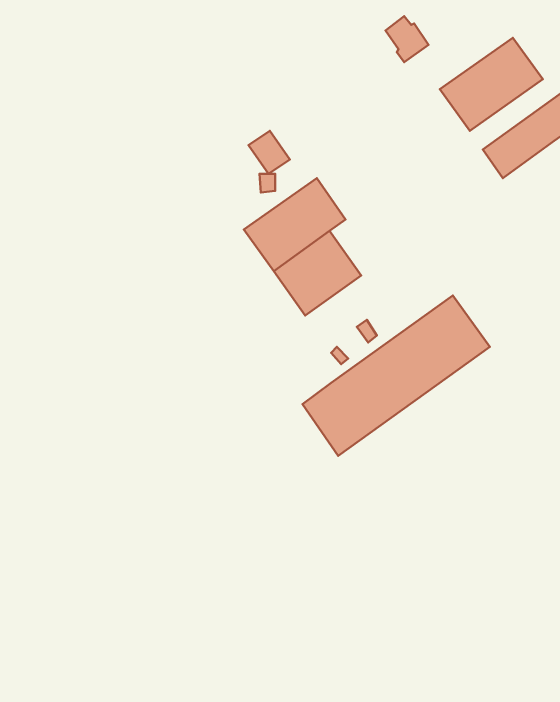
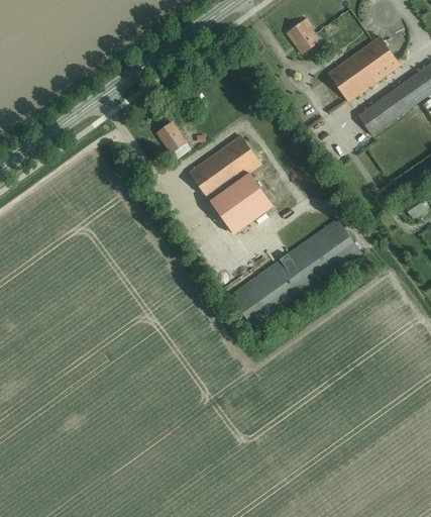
building: [248,131,290,174] -> [156,122,186,152]

